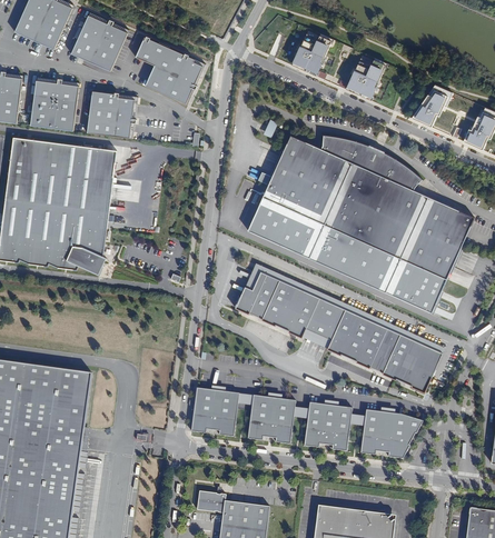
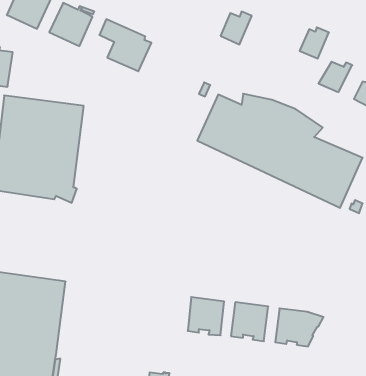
building: [346,53,384,93] -> [300,27,329,59]
building: [30,80,78,132] -> none
building: [86,92,132,139] -> none
building: [247,193,444,312] -> none
building: [234,261,443,391] -> none
building: [191,387,239,436] -> none

